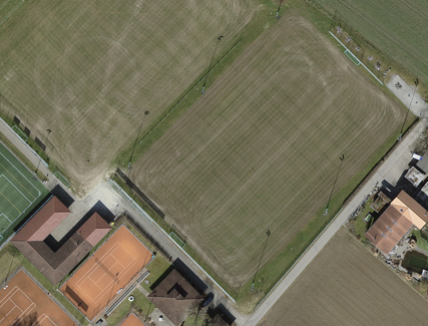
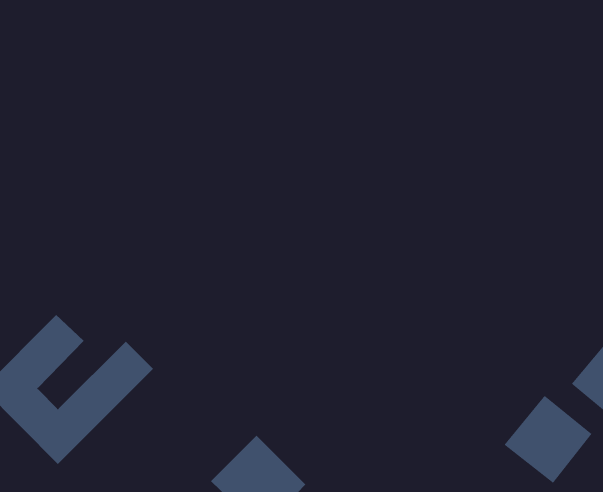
building: none -> [504,395,592,484]

